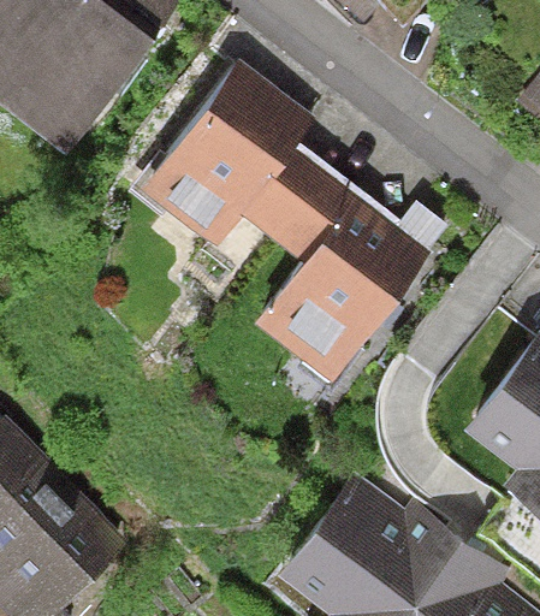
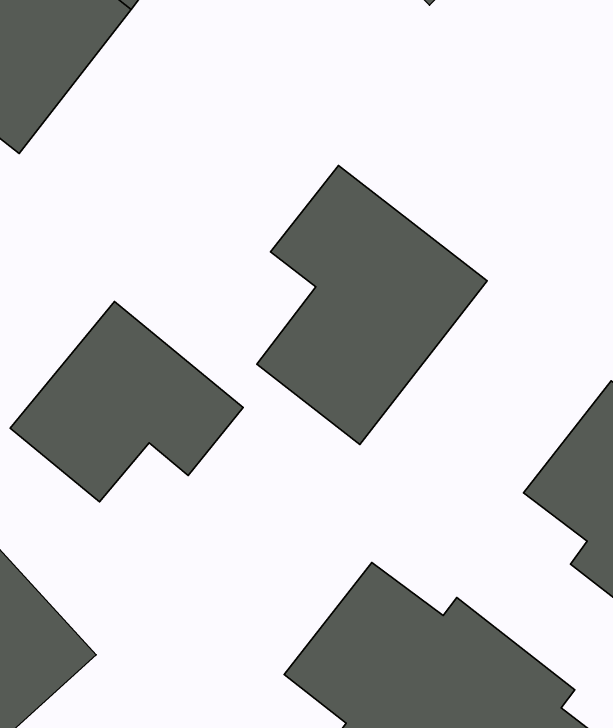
building: [140,59,321,243] -> none
building: none -> [10,301,243,502]

